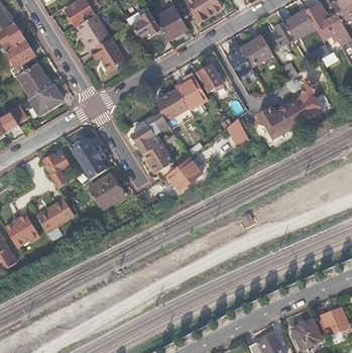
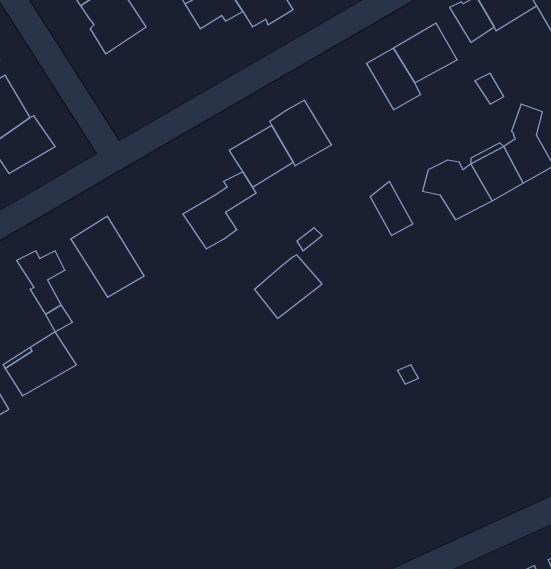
building: [92,37,125,72] -> none
building: [196,64,222,92] -> none
building: [141,142,170,172] -> none
building: [90,173,123,208] -> none

